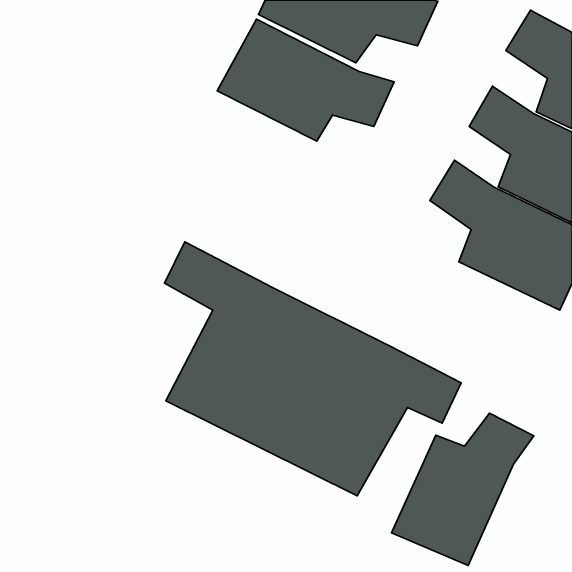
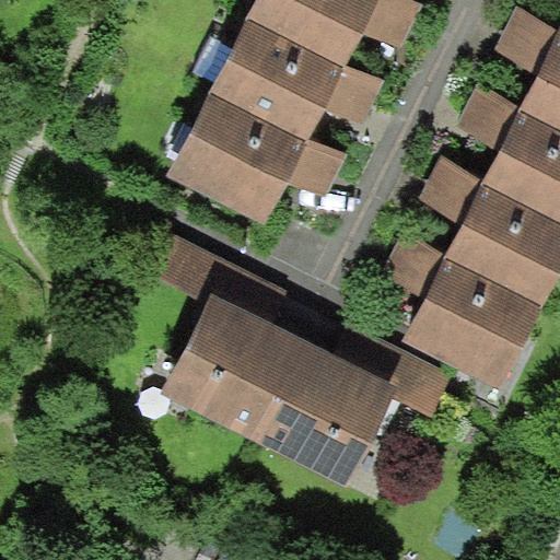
building: none -> [168,91,346,222]
building: none -> [383,232,545,392]
building: [391,413,534,565] -> none

